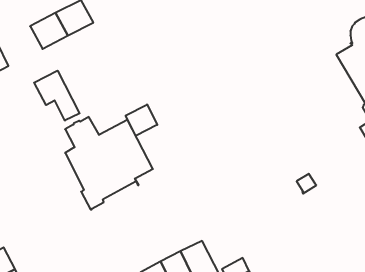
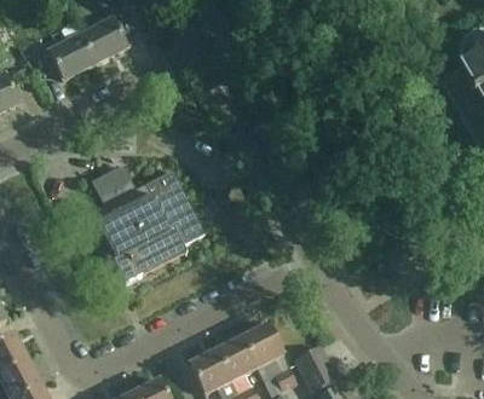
building: [34,71,80,121] -> none
building: [126,104,157,136] -> none

